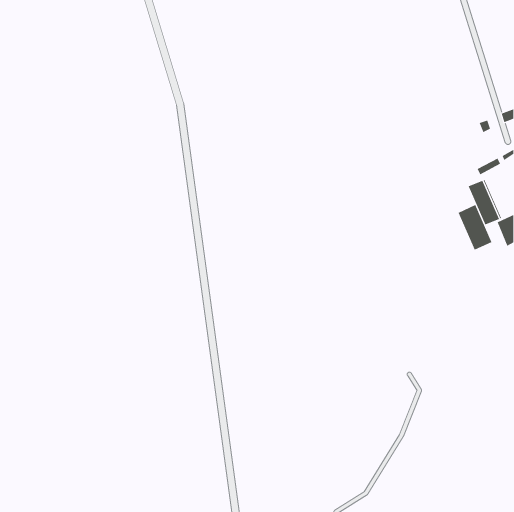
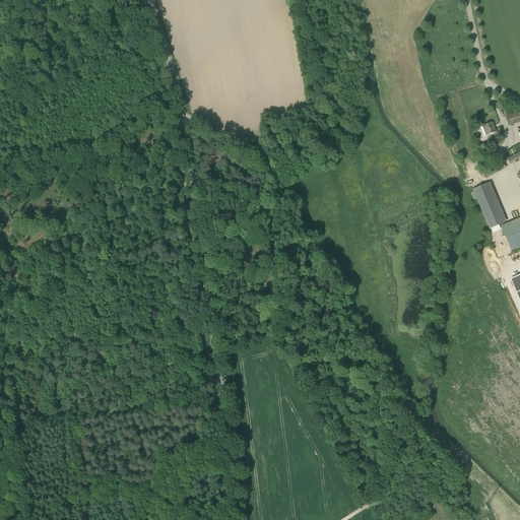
building: [458,204,492,251] -> none

